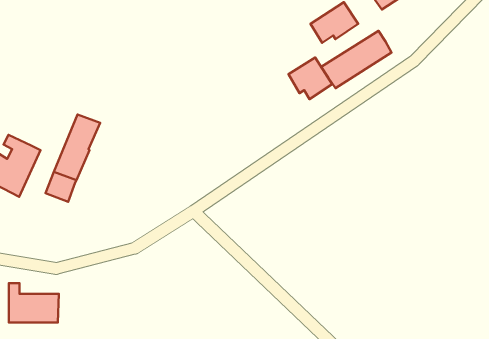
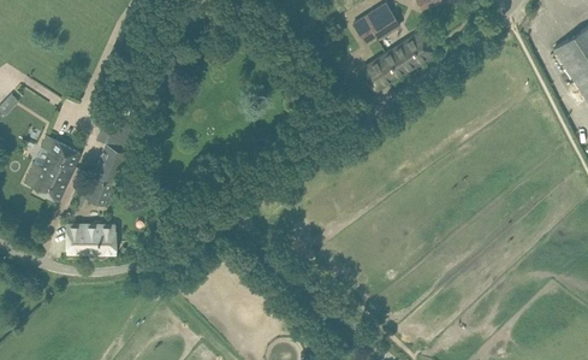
building: [289,57,332,99] -> none
building: [9,283,59,322] -> [66,213,117,253]

